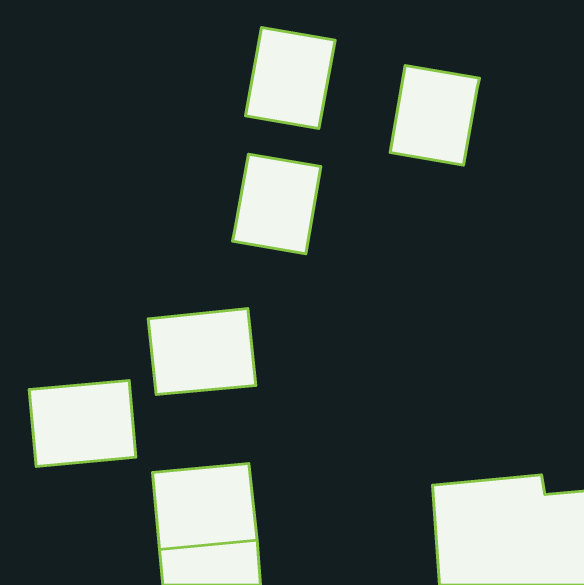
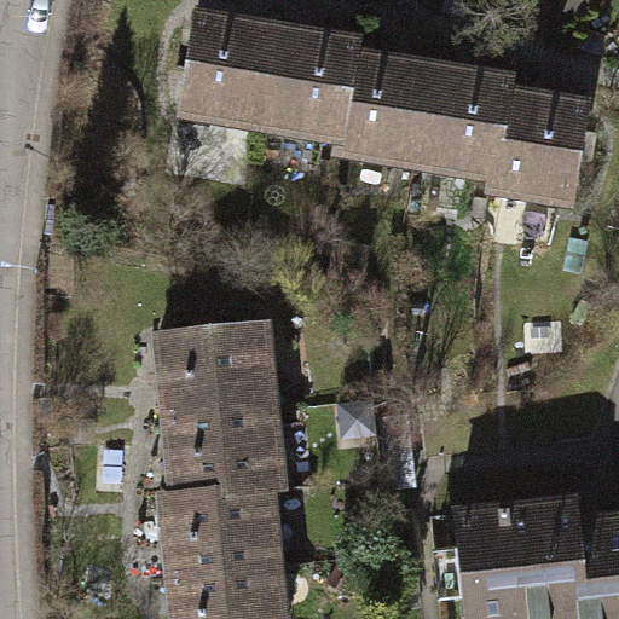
building: none -> [175,13,278,122]
building: none -> [490,93,588,199]
building: [232,154,321,254] -> [336,56,429,161]
building: [29,380,136,466] -> [167,406,279,497]

